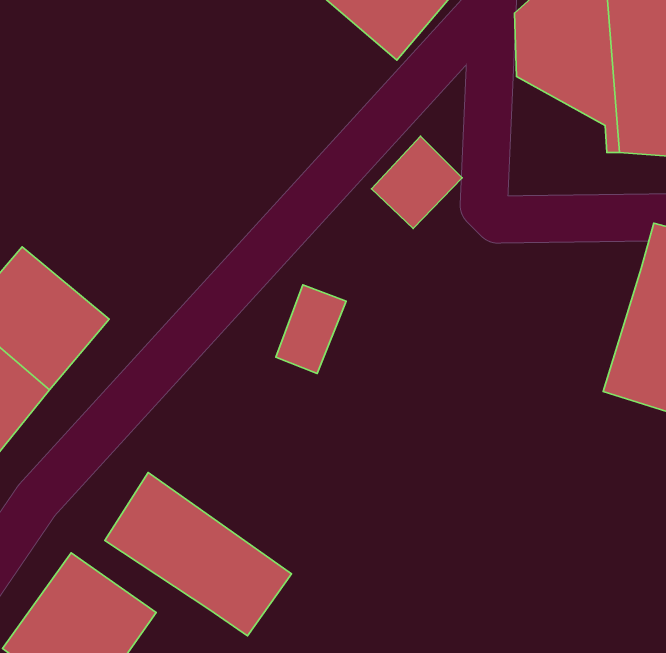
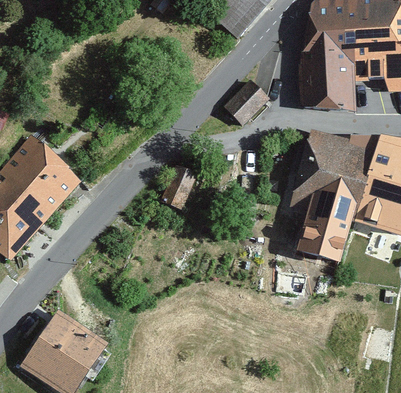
building: none -> [301,45,356,114]
building: none -> [291,133,372,261]
building: [105,473,292,636] -> none

